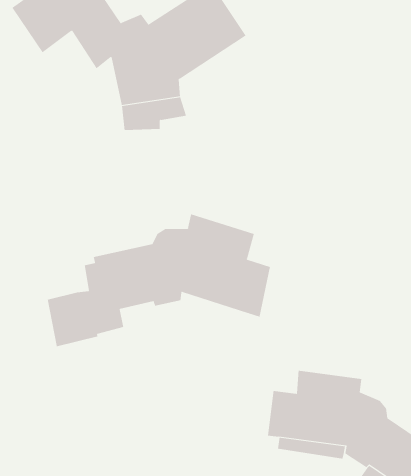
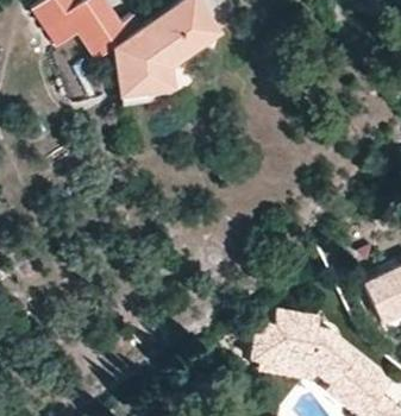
building: [47,213,270,347] -> none

